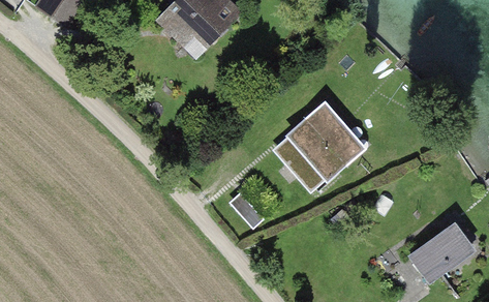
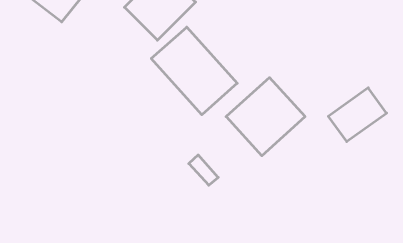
building: none -> [151,27,237,115]
building: [405,219,475,283] -> [328,88,387,142]

